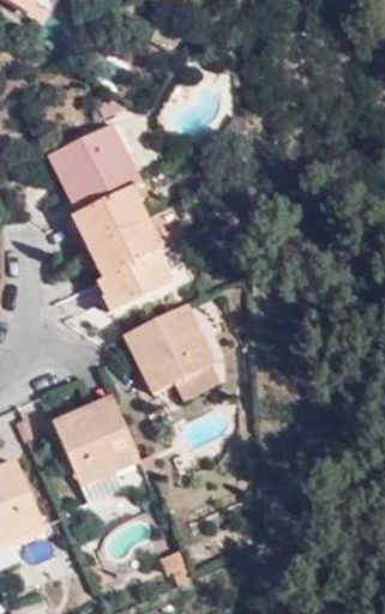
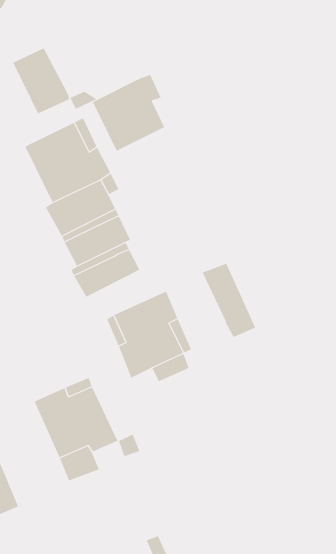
building: none -> [13,48,70,114]
building: none -> [92,74,165,151]
building: none -> [202,263,256,338]

